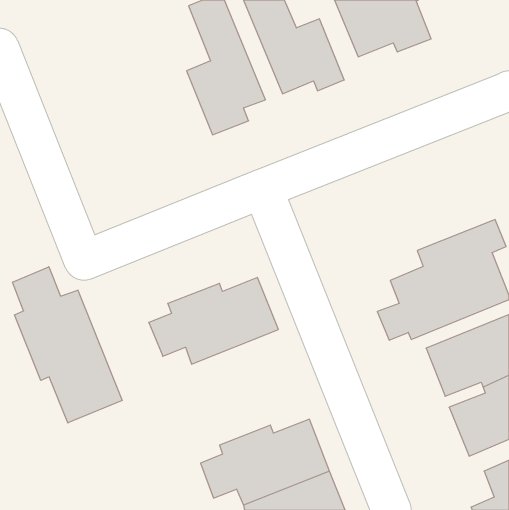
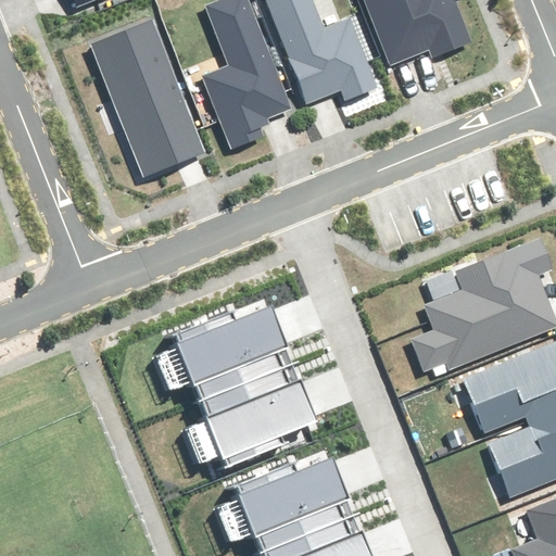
building: none -> [91,20,202,175]
building: [13,267,122,423] -> none
building: none -> [190,358,326,465]

